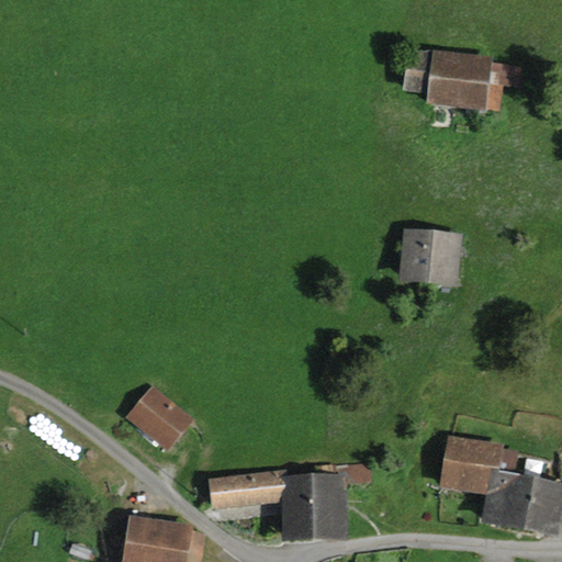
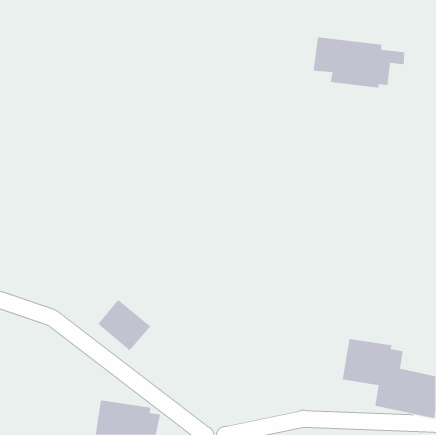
building: [398,228,463,286] -> none
building: [207,462,372,541] -> none

